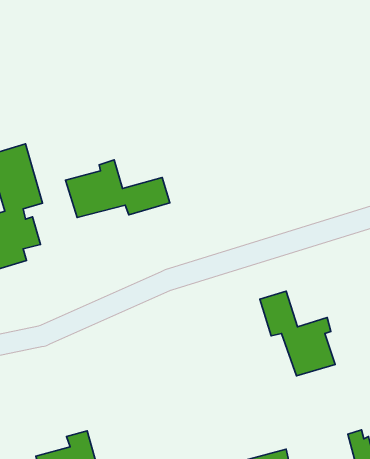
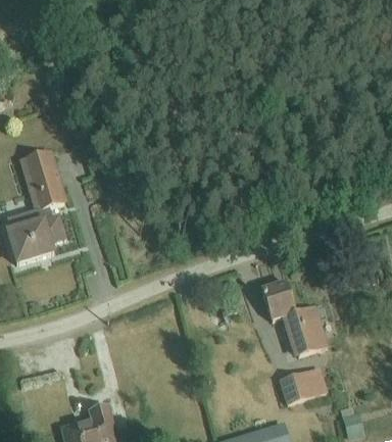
building: [66,160,170,218] -> none
building: none -> [278,367,327,403]

